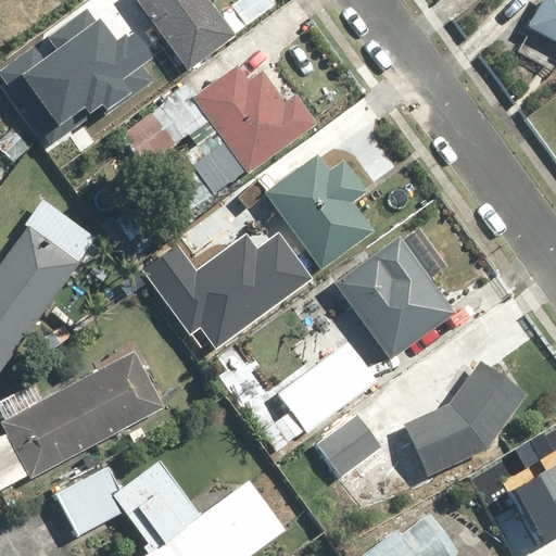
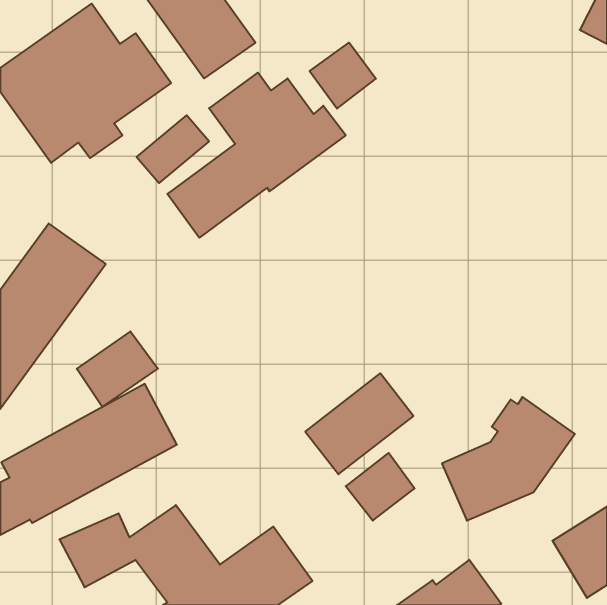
building: none -> [310,43,376,109]
building: [265,155,371,269] -> none
building: [144,227,308,342] -> none
building: [334,230,454,362] -> none
building: none -> [77,331,158,407]

